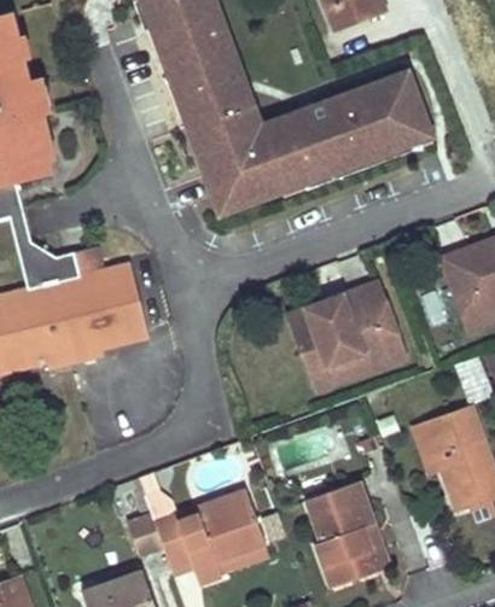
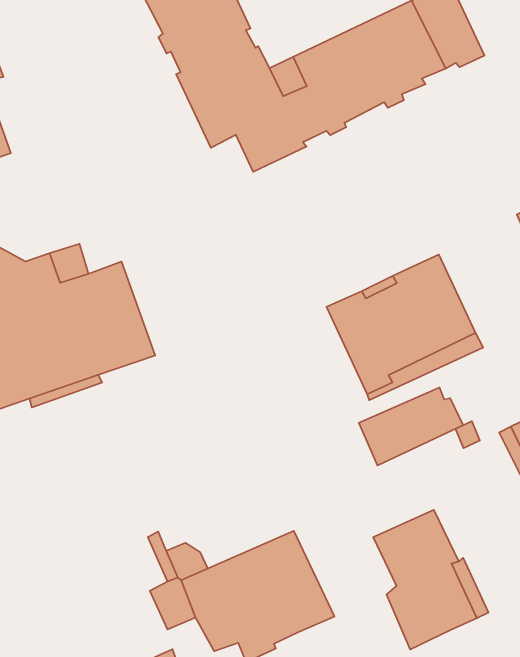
building: none -> [359,388,463,465]

